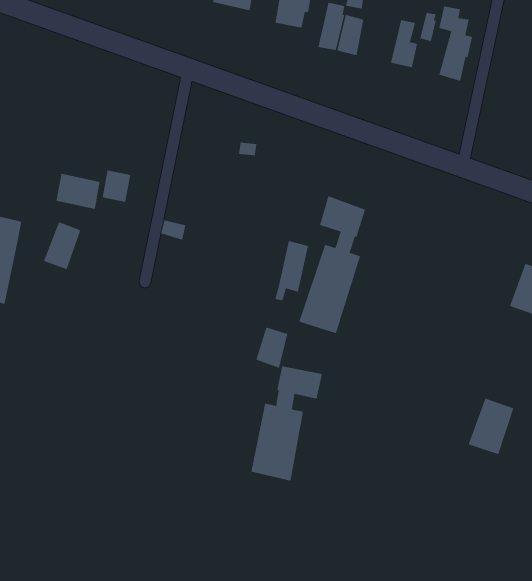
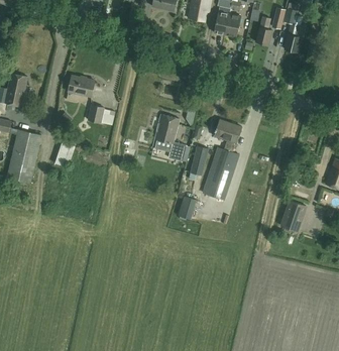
building: [56,173,101,210] -> [68,75,94,96]
building: none -> [152,114,186,160]
building: [251,366,323,481] -> none
building: [468,398,514,455] -> [279,200,307,233]

